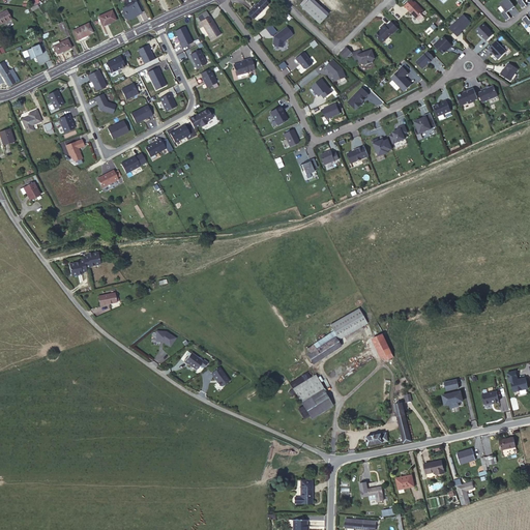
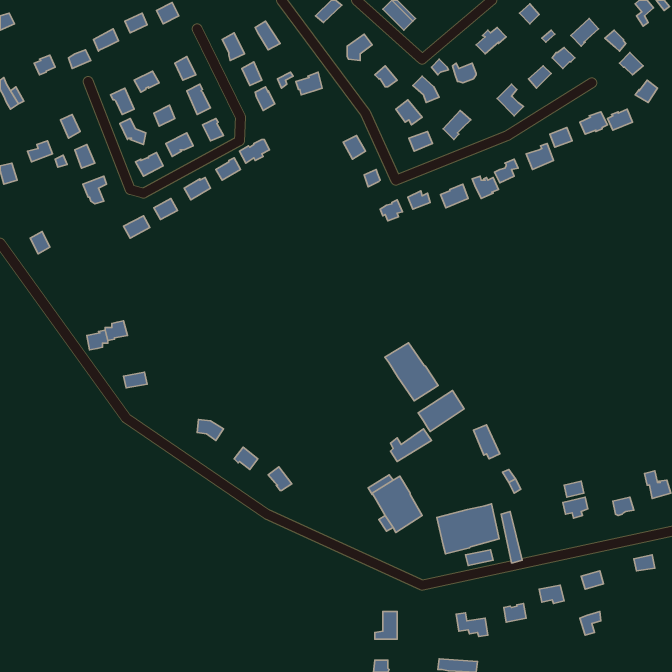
building: none -> [385,343,438,401]
building: none -> [437,504,499,554]

